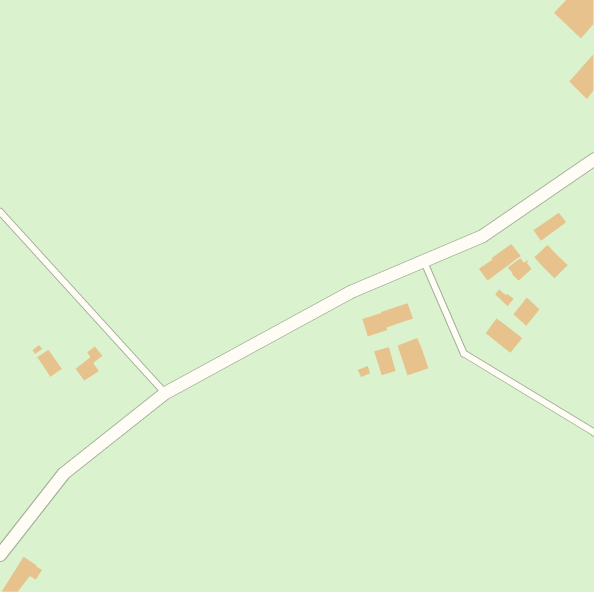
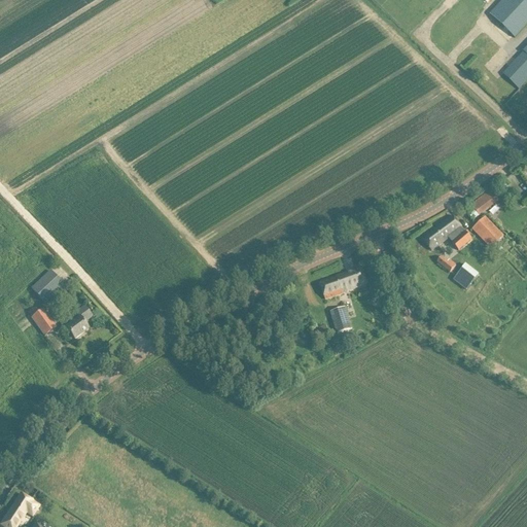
building: none -> [30,269,64,303]
building: [485,318,523,354] -> none
building: [397,337,429,376] -> none

